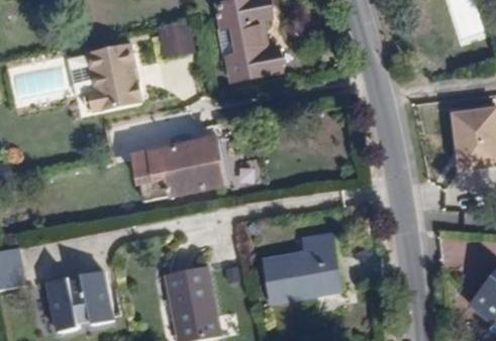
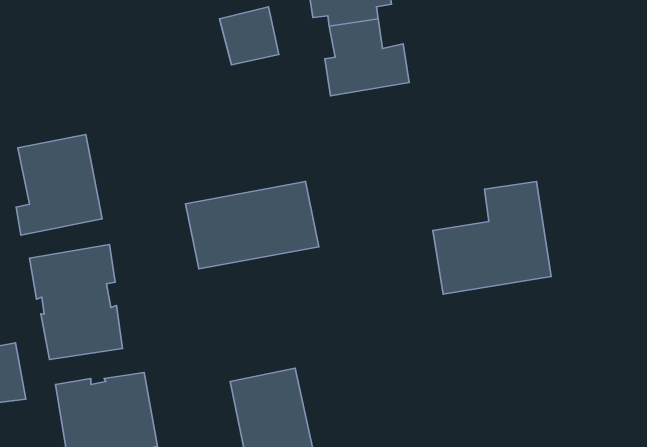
building: [85,42,143,111] -> [16,135,102,235]
building: none -> [30,245,122,360]
building: [263,227,343,304] -> [433,182,551,294]

